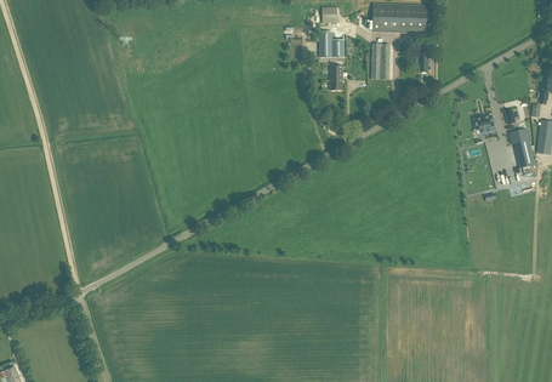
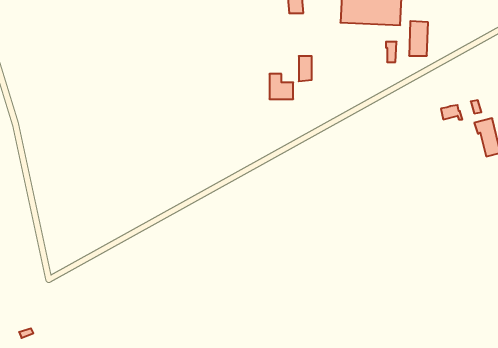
building: [319,30,343,56] -> [269,74,293,99]
building: [370,42,389,78] -> [409,21,428,56]

